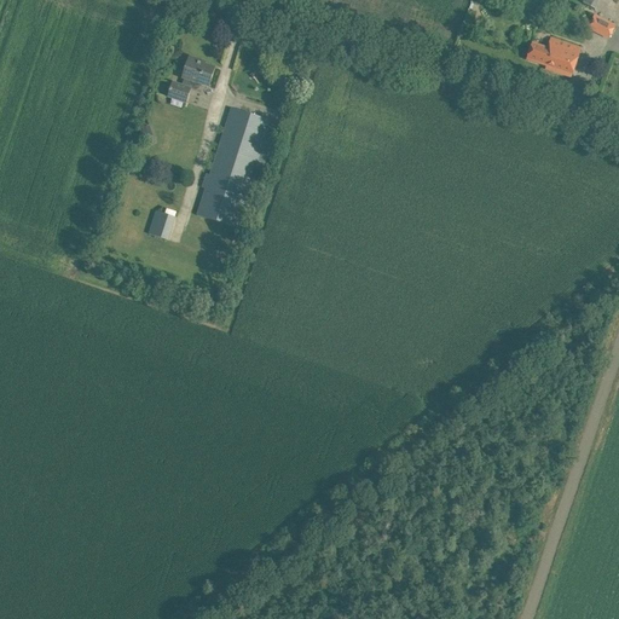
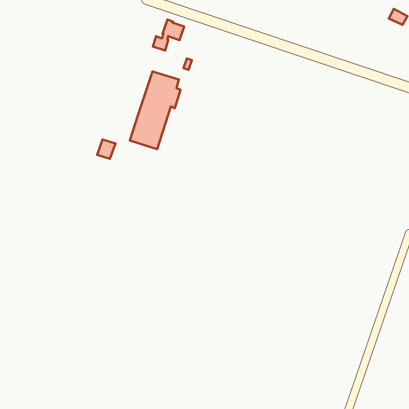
building: [526,36,579,76] -> none
building: [167,56,214,103] -> [153,19,184,51]

